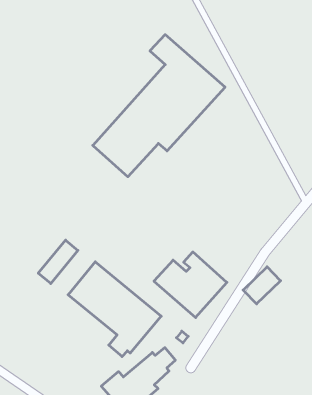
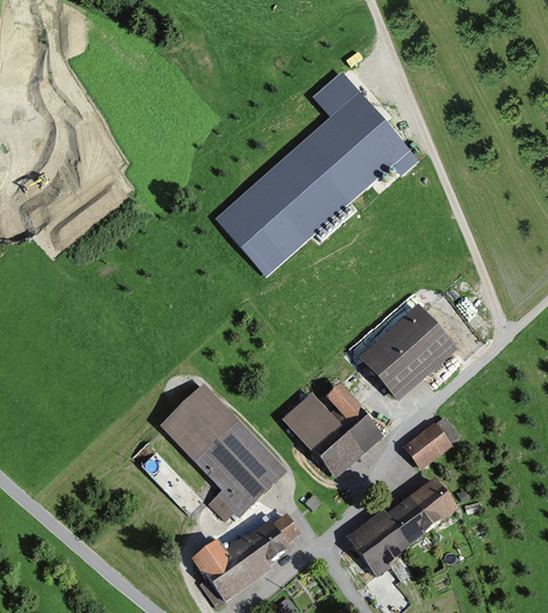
building: none -> [359,304,456,399]
building: [38,240,78,284] -> none
building: none -> [346,475,458,576]

